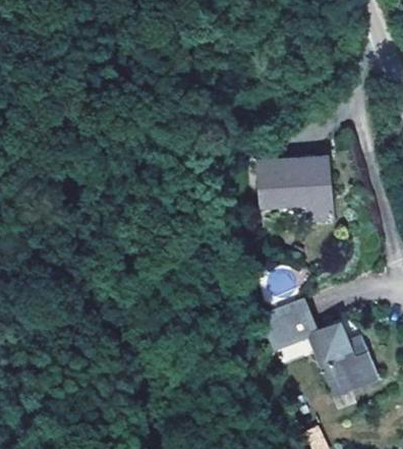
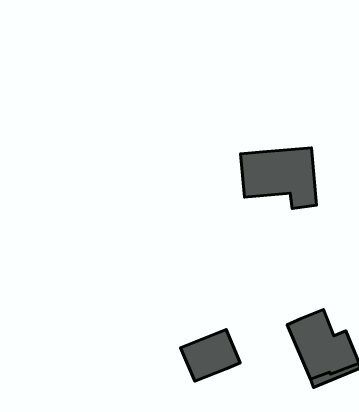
building: [258,296,319,348] -> [180,329,240,381]

